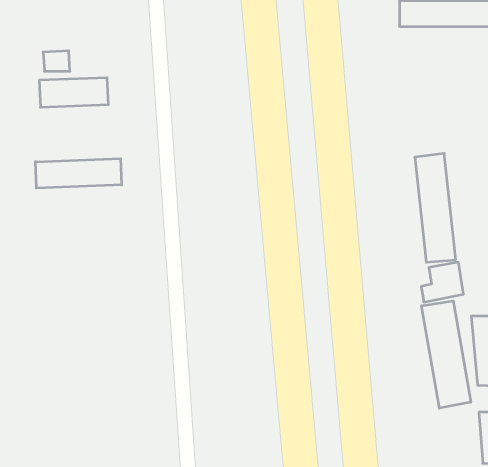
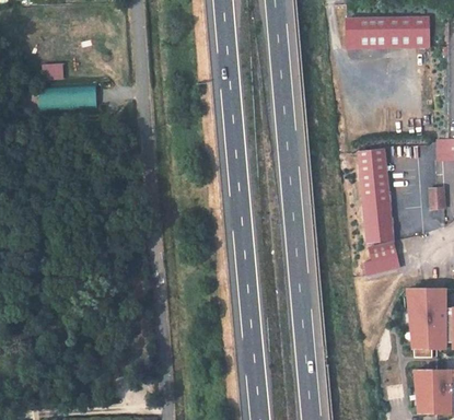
building: [35,159,122,188] -> none
building: [422,301,471,408] -> none

